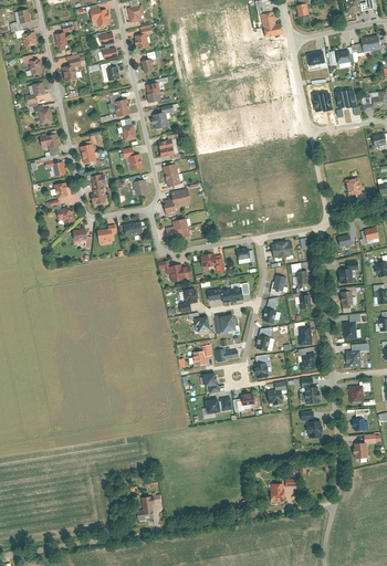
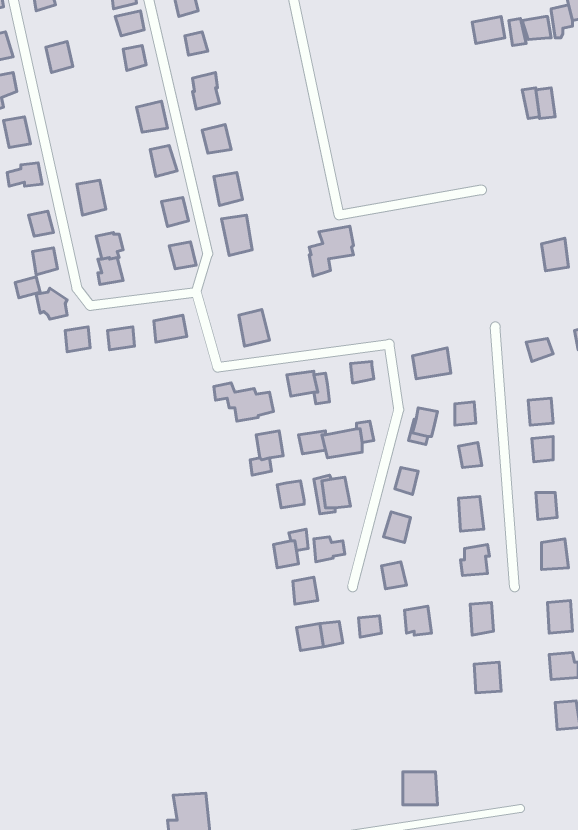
building: [165,188,190,217] -> [309,226,354,276]

